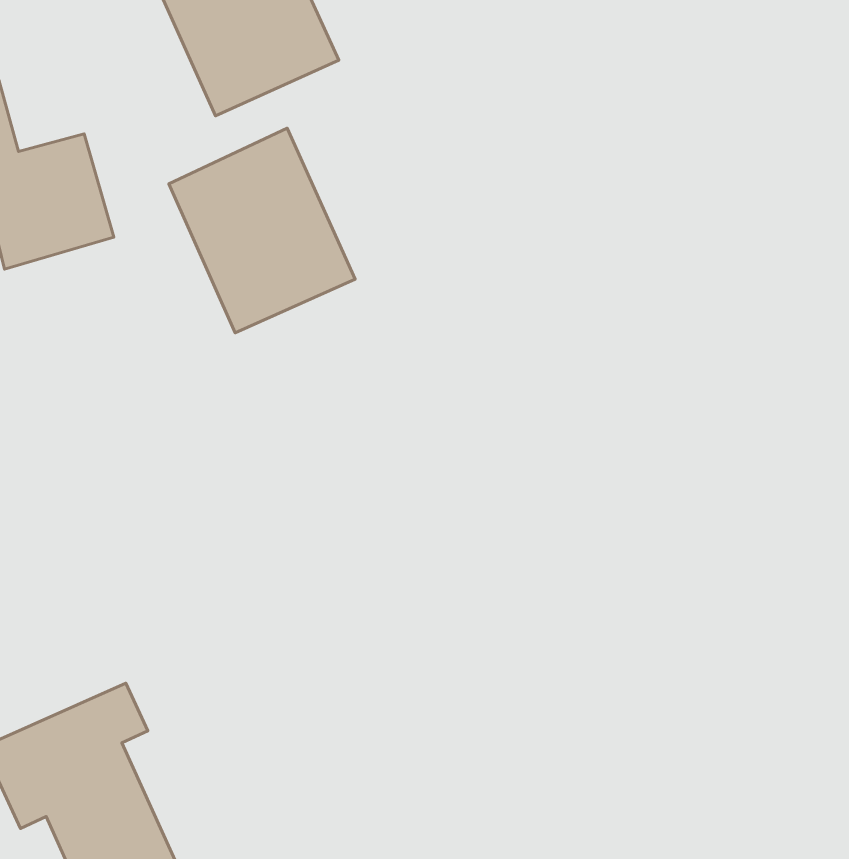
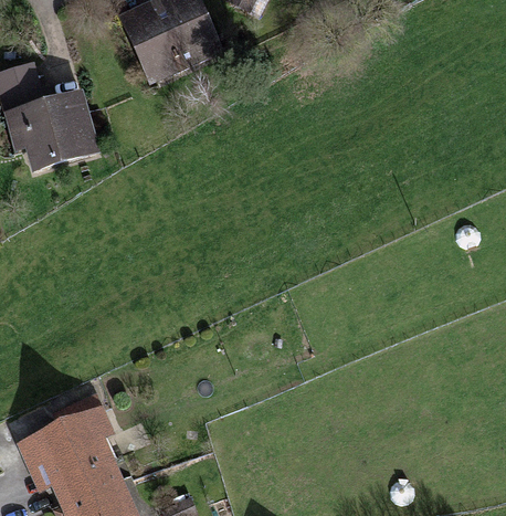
building: [169,128,355,333] -> none

